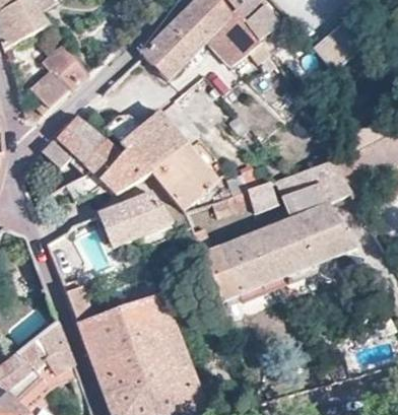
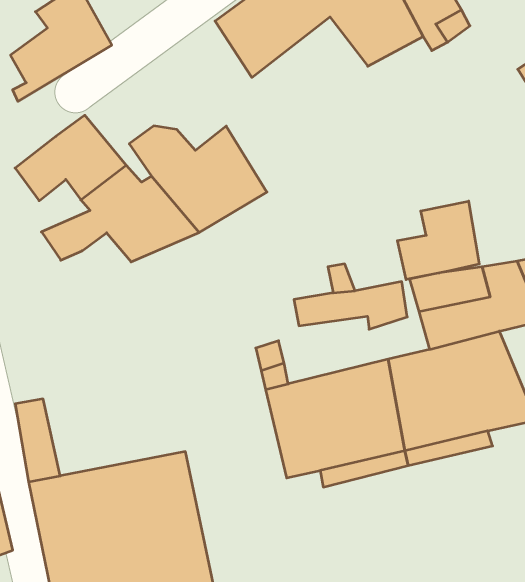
building: none -> [397,201,479,280]
building: [152,142,217,209] -> none
building: [100,191,179,246] -> none

